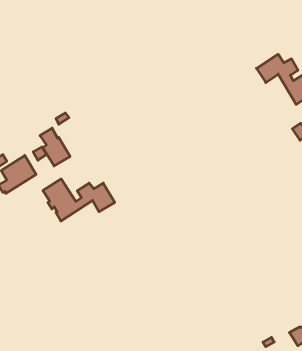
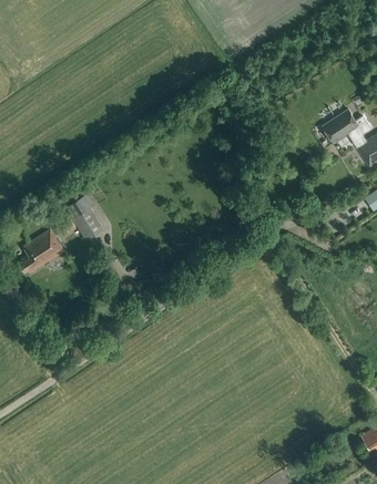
building: [43,179,115,221] -> none

